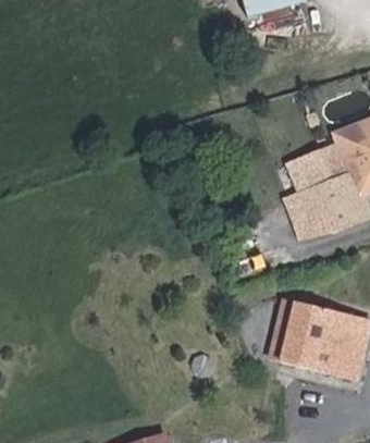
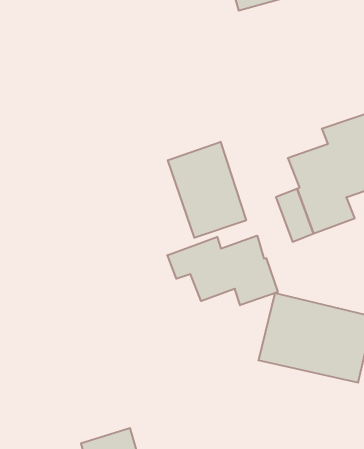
building: none -> [168,142,246,238]
building: none -> [167,236,278,305]

